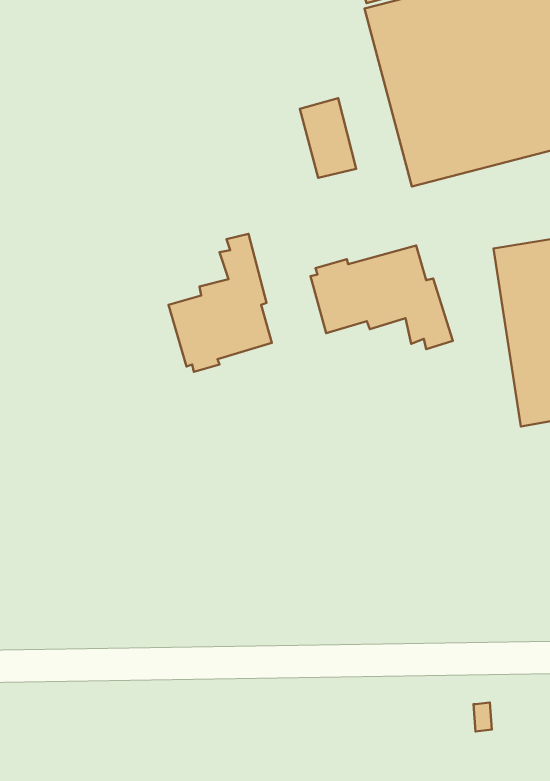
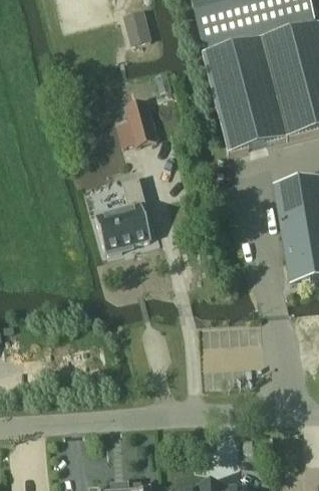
building: [300,98,356,178] -> [126,99,157,144]
building: [311,245,453,349] -> none

